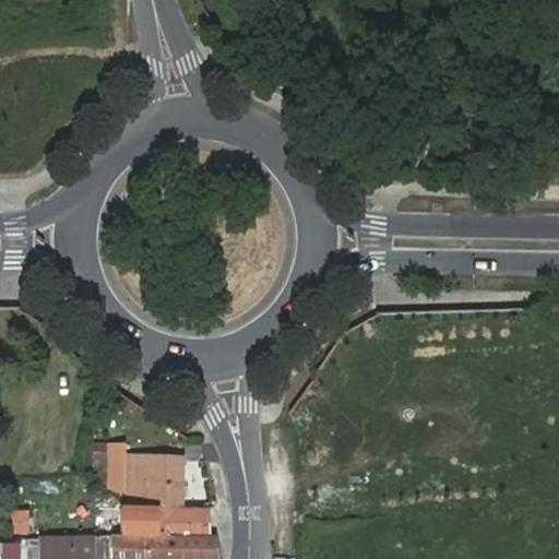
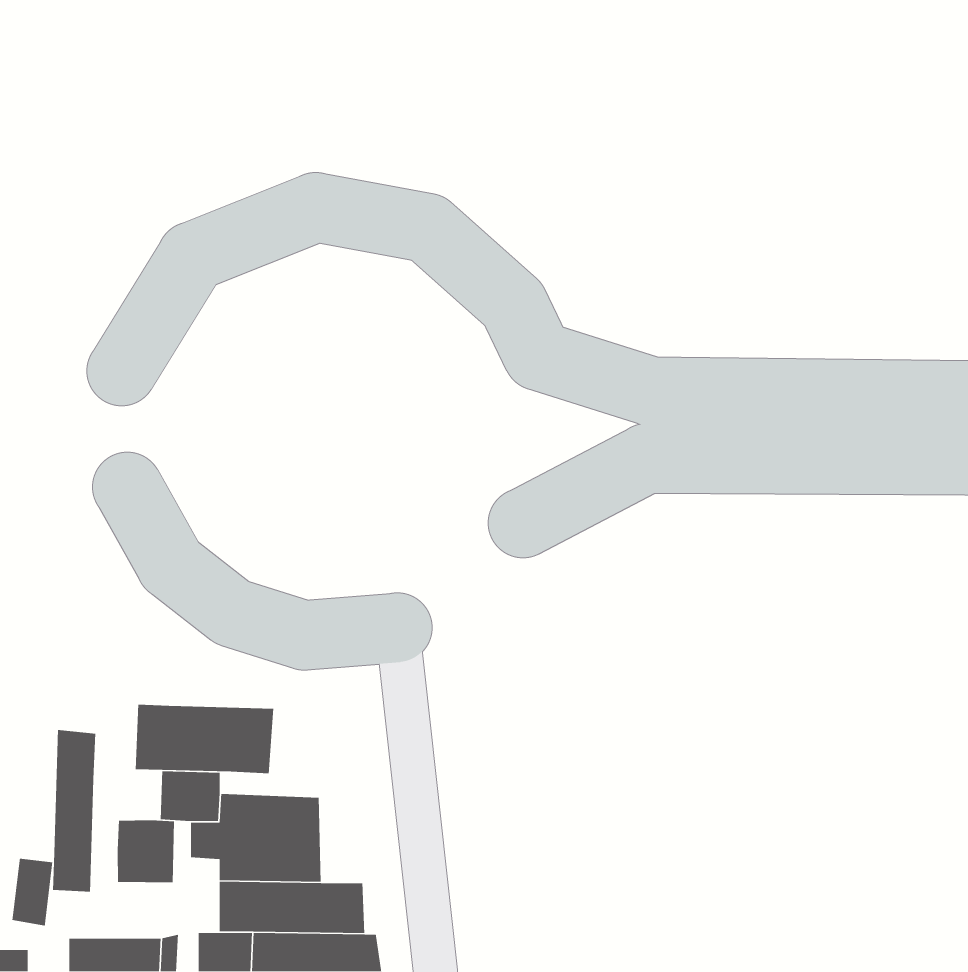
building: none -> [135,704,274,774]
building: none -> [52,729,96,893]
building: none -> [117,820,175,883]

